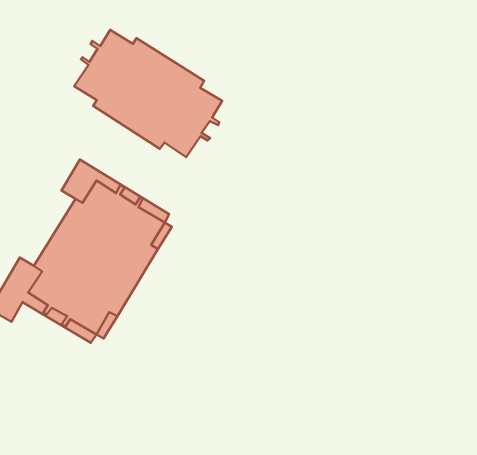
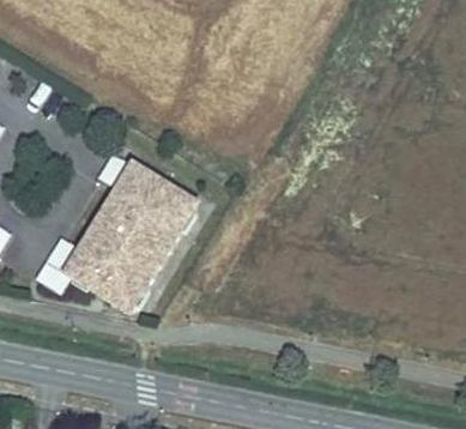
building: [74,30,222,157] -> none

